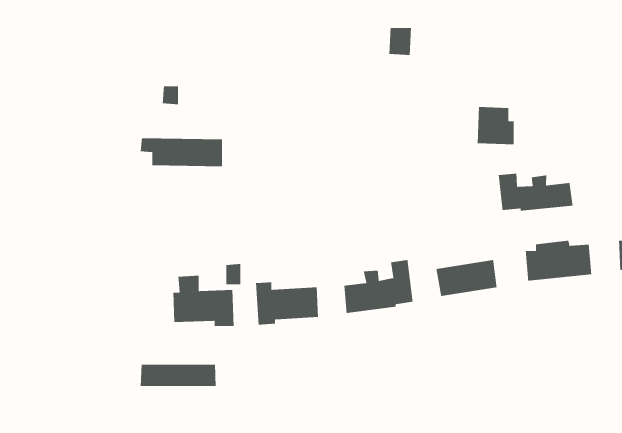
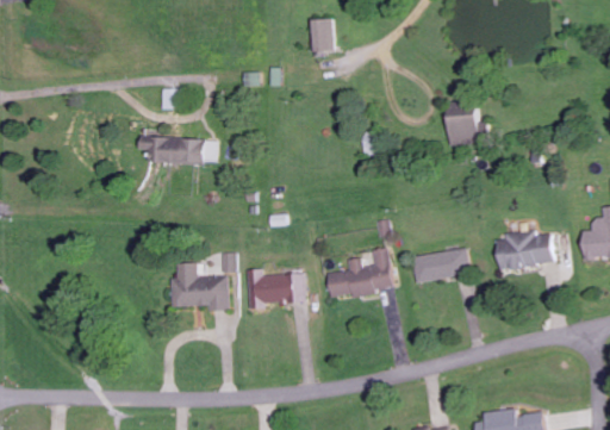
building: [389,27,412,56] -> [312,21,334,48]
building: [498,173,574,211] -> none
building: [140,364,216,387] -> none

